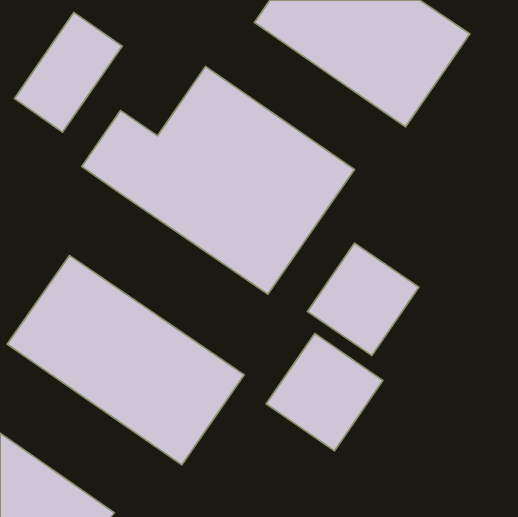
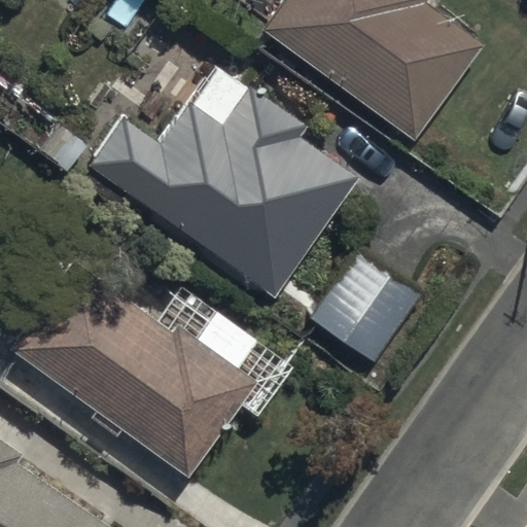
building: [14,12,122,132] -> none
building: [266,334,383,451] -> none

